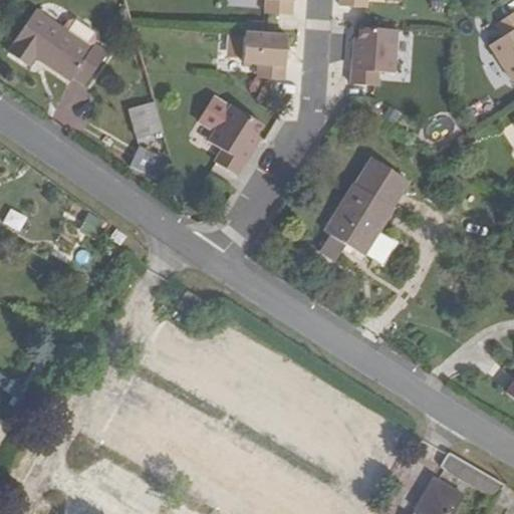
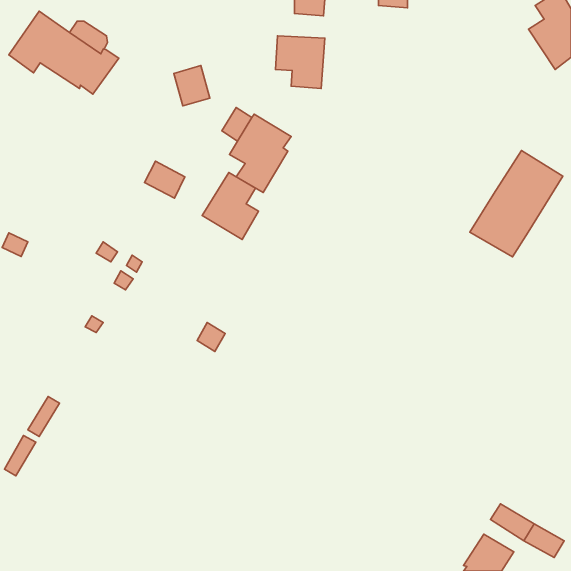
building: [349,27,396,85] -> none
building: [128,100,161,137] -> [174,66,210,106]
building: none -> [202,172,259,239]
building: [325,158,409,253] -> [470,150,563,257]

